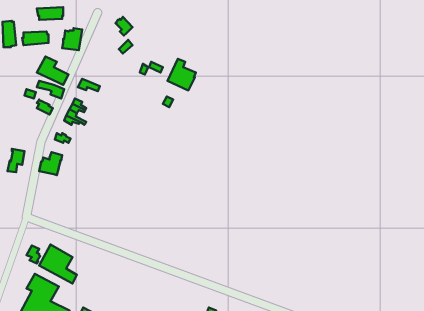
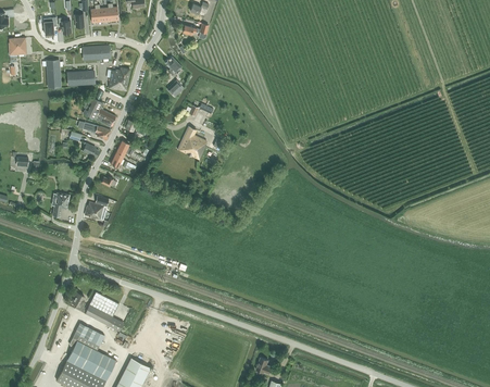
building: [168,59,196,90] -> [177,126,206,159]

